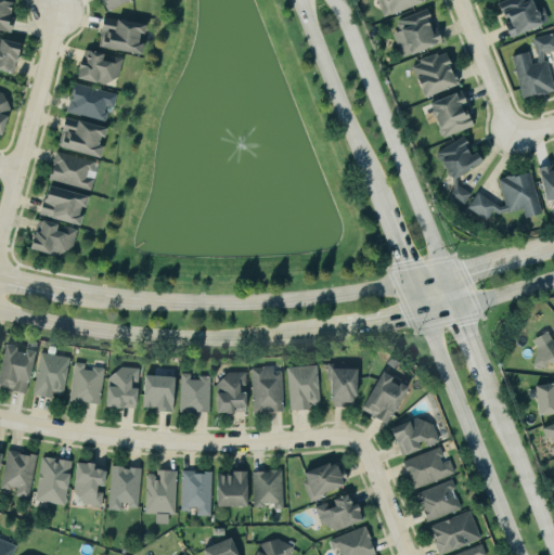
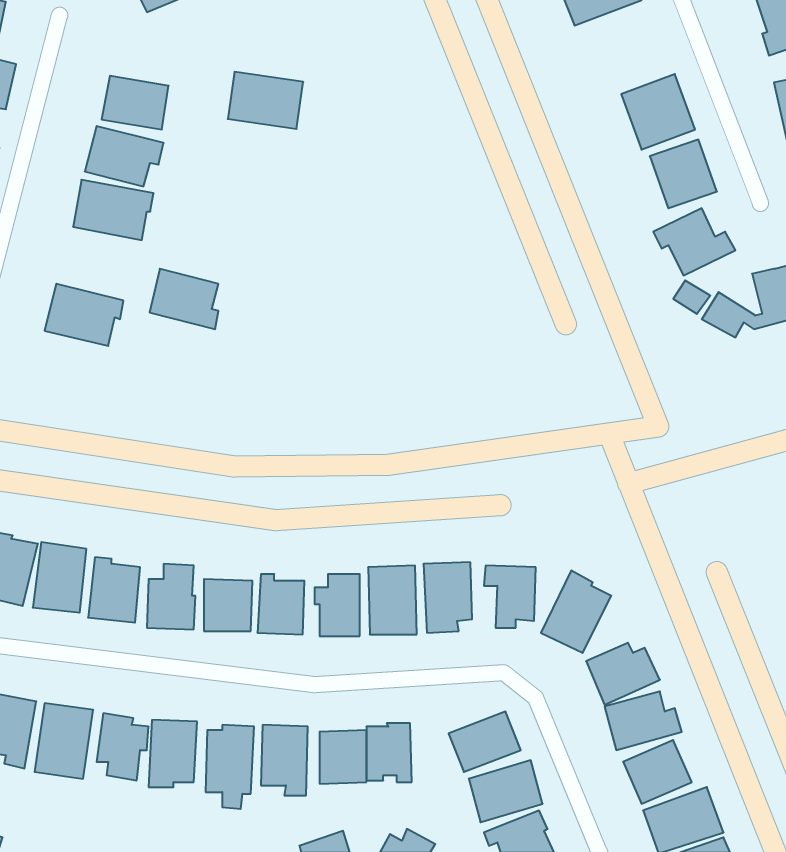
building: [394,9,441,57] -> none
building: [100,17,149,54] -> [228,72,303,129]
building: [50,152,94,191] -> [150,269,218,329]
building: [30,219,78,258] -> none

